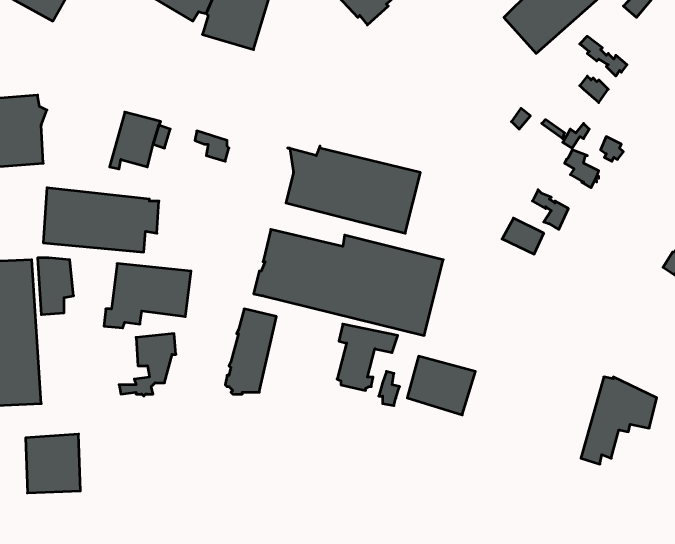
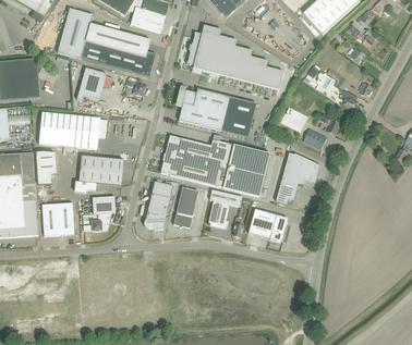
building: none -> [57,8,155,76]
building: none -> [185,24,282,89]
building: none -> [172,186,197,226]
building: [581,377,657,464] -> [275,152,318,202]
building: [26,434,80,493] -> [41,201,73,235]

